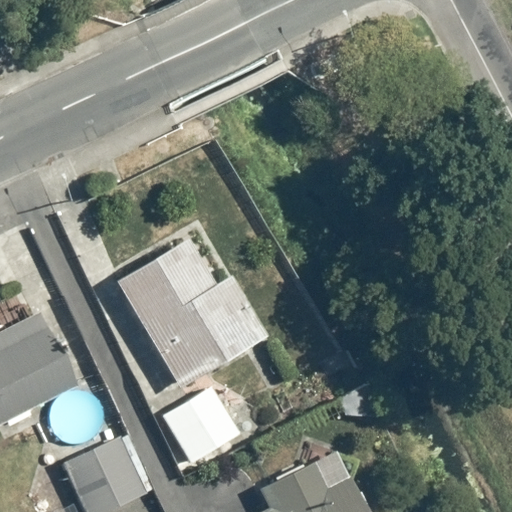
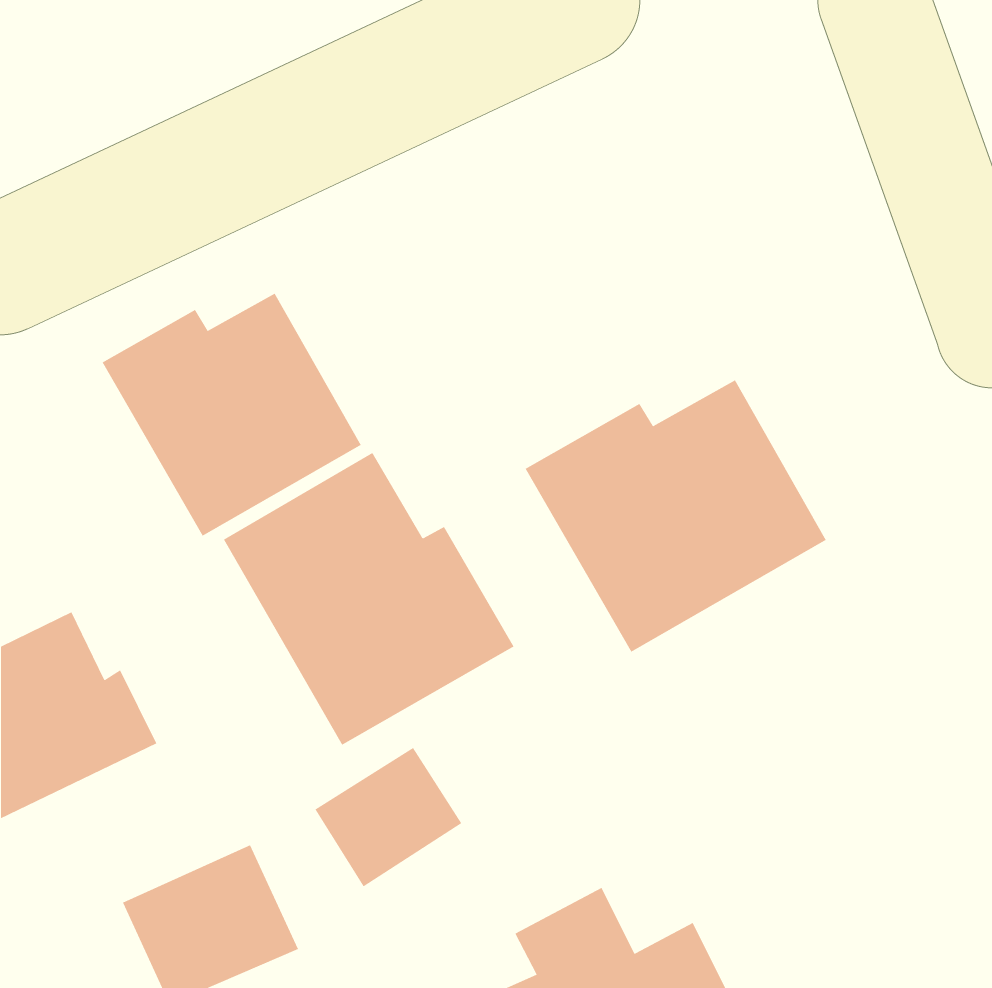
building: none -> [102,293,361,537]
building: none -> [525,379,826,652]

